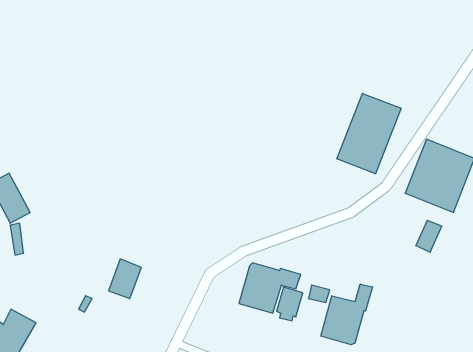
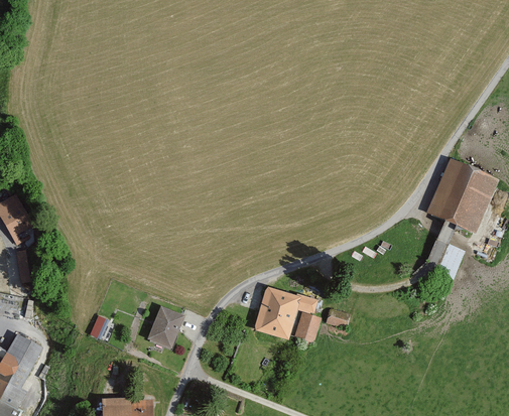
building: [337,93,401,174] -> none
building: [109,259,141,299] -> [148,305,182,346]
building: [321,284,372,345] -> none

